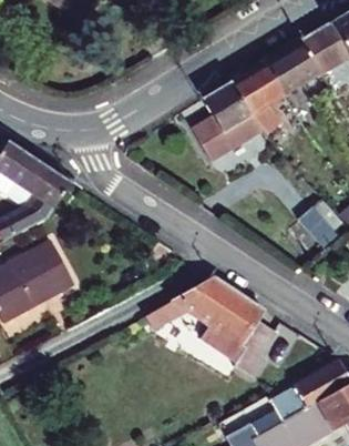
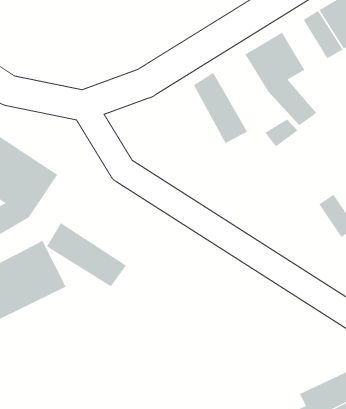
building: [276,38,317,84] -> none
building: [212,70,261,121] -> none
building: none -> [46,222,127,287]
building: [148,283,276,364] -> none

